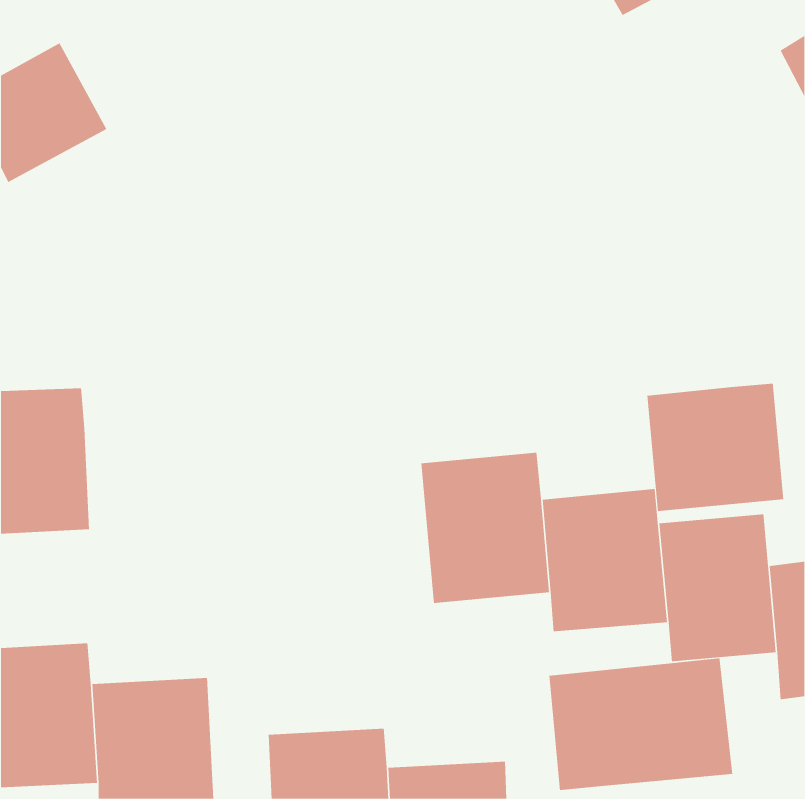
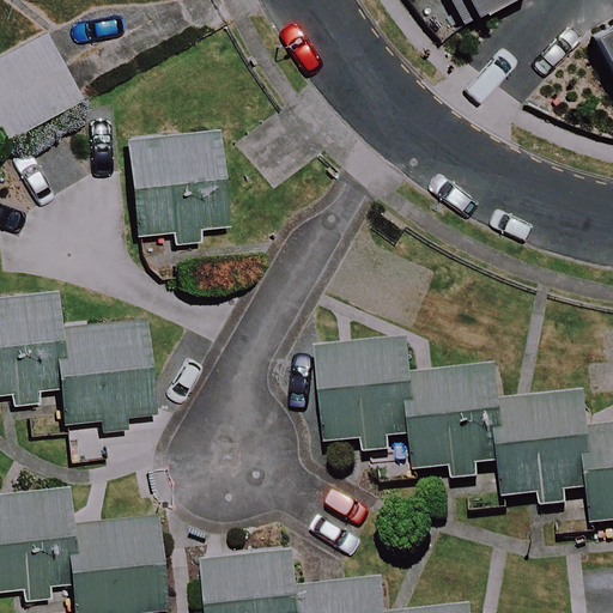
building: none -> [126,125,235,233]
building: [647,383,784,512] -> none
building: none -> [65,321,152,432]
building: [549,658,733,791] -> none

